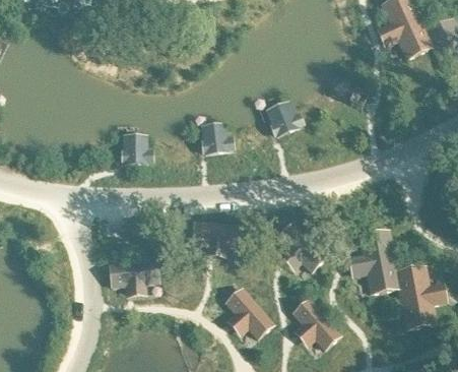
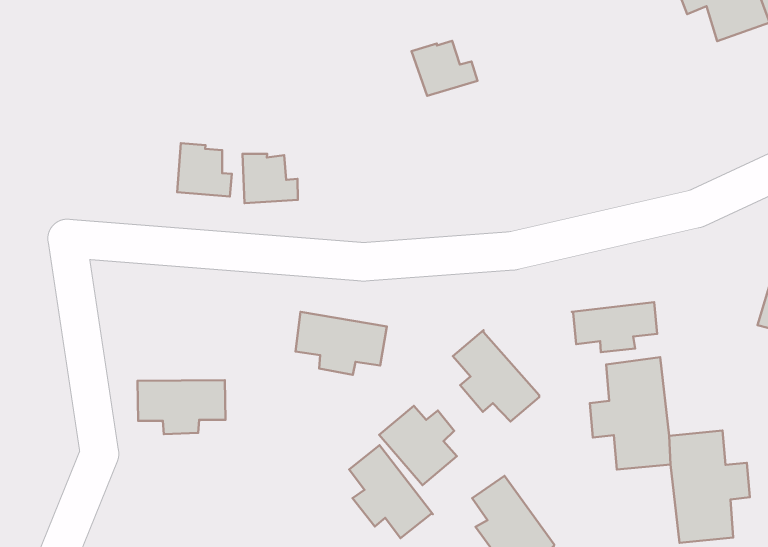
building: [266,104,303,134] -> [412,41,478,96]
building: [201,125,233,152] -> [243,154,298,203]
building: none -> [572,302,657,352]
building: none -> [379,406,457,485]

